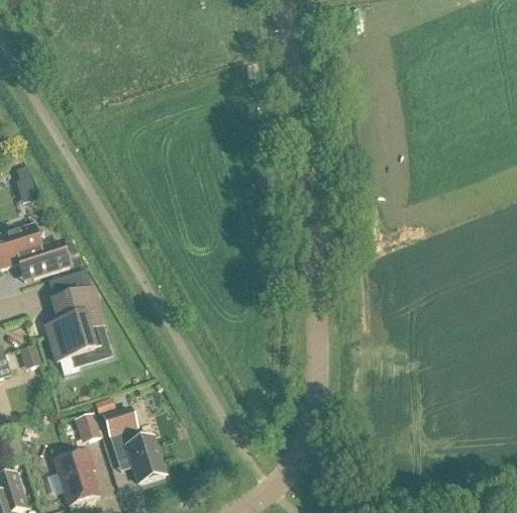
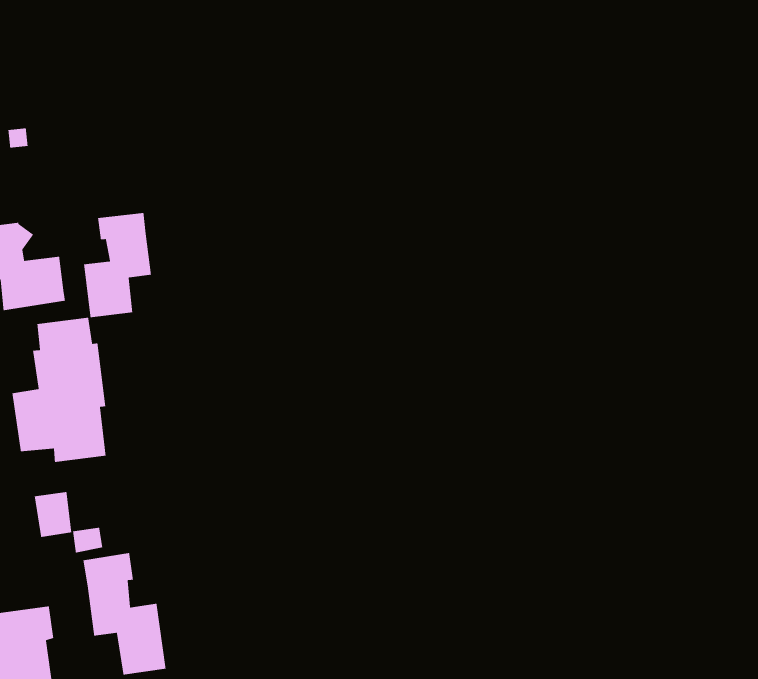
building: none -> [83,212,152,318]
building: [75,412,101,442] -> [34,491,72,538]

